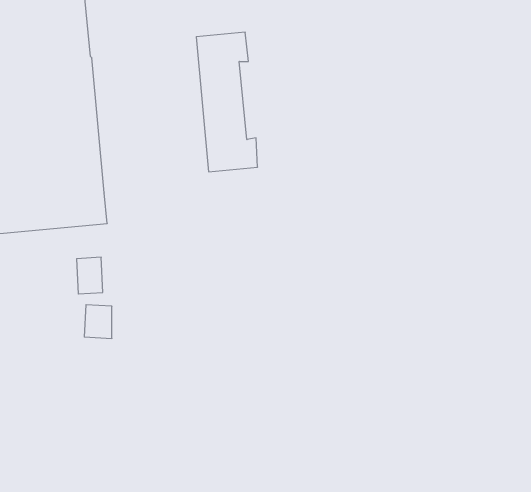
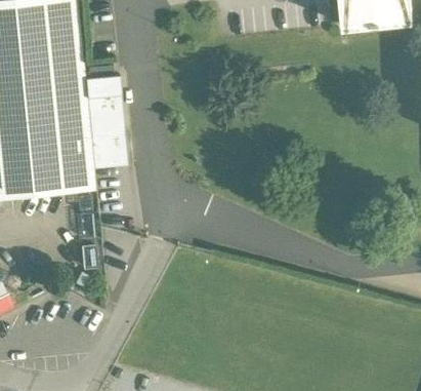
building: [196,32,258,172] -> [85,75,126,168]

